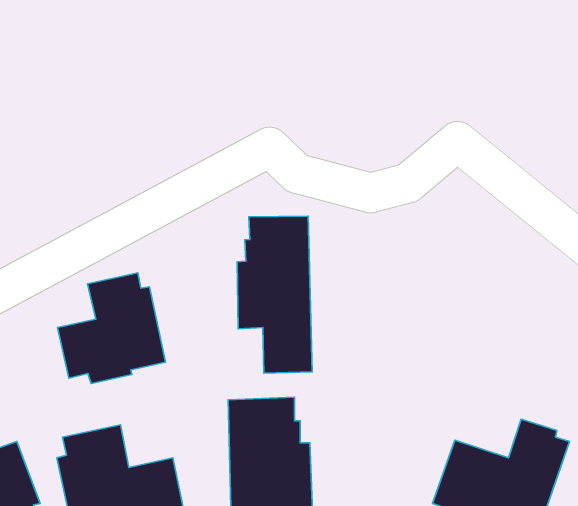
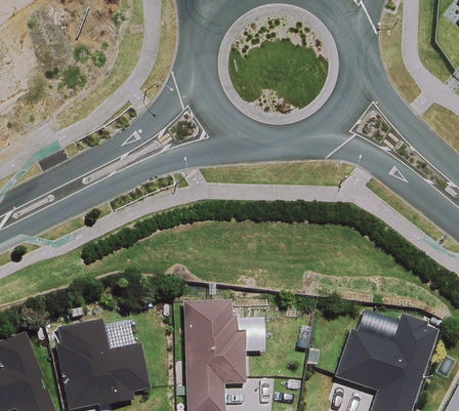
building: [237,216,312,373] -> none
building: [57,273,166,384] -> none

